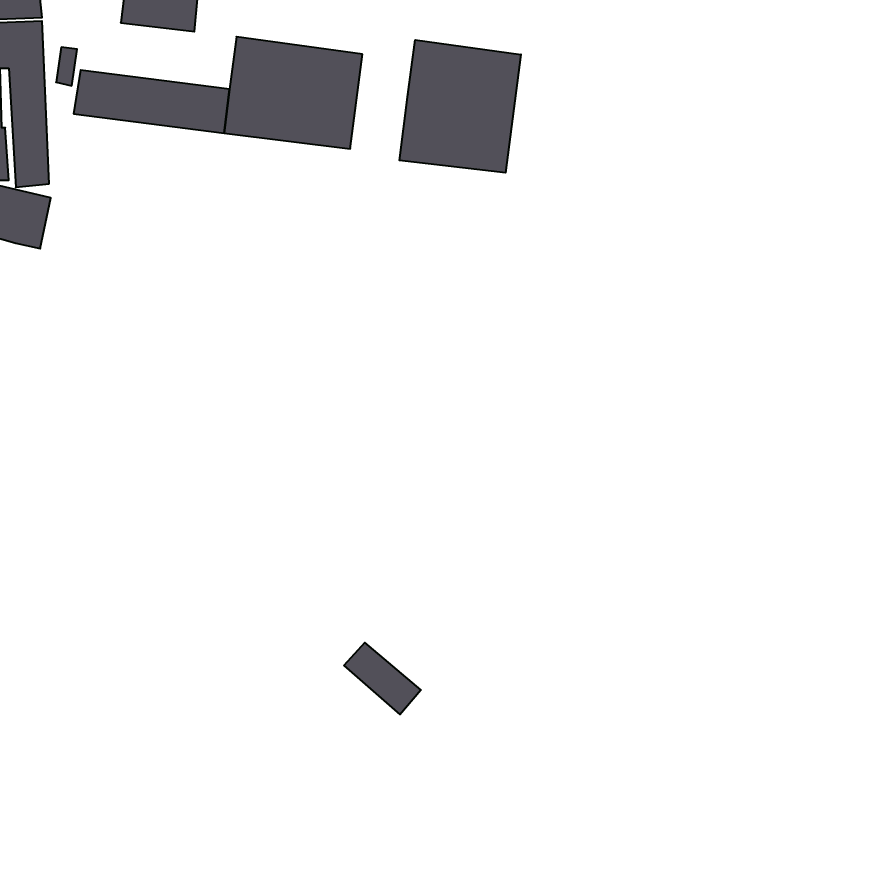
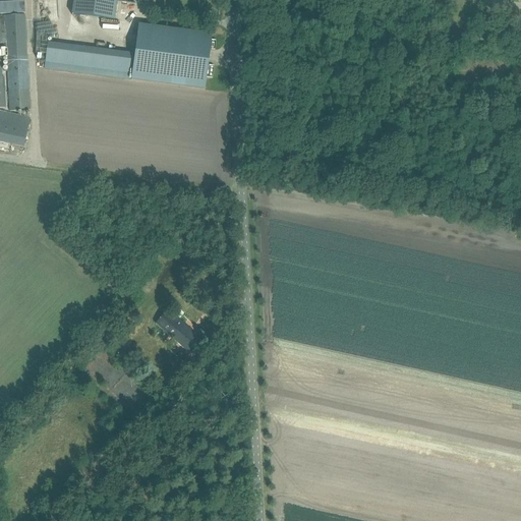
building: [399,40,521,173] -> none
building: [344,643,421,714] -> [155,307,199,349]

